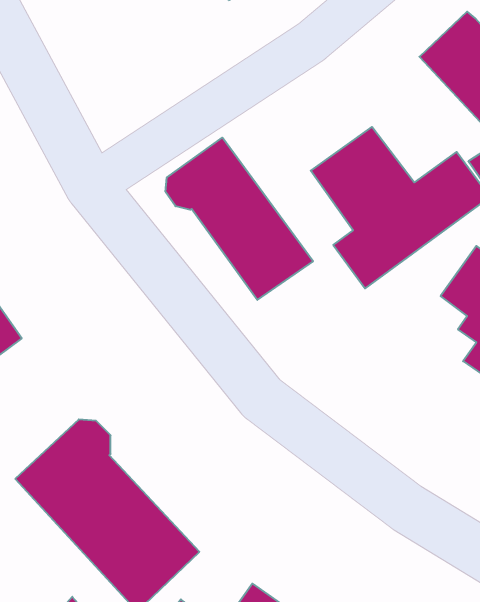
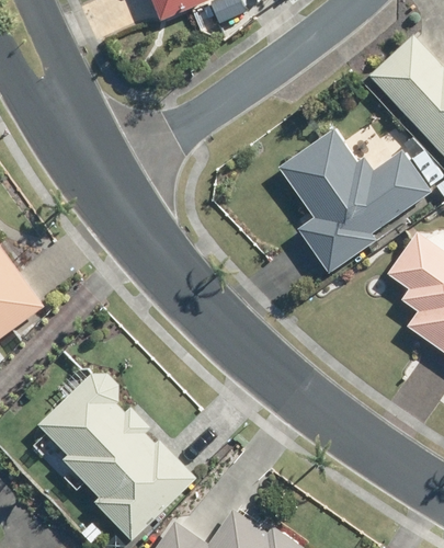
building: [166,138,313,300] -> none

